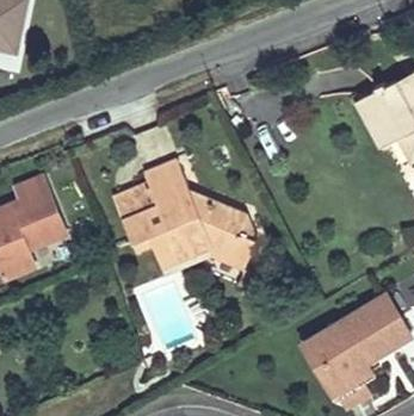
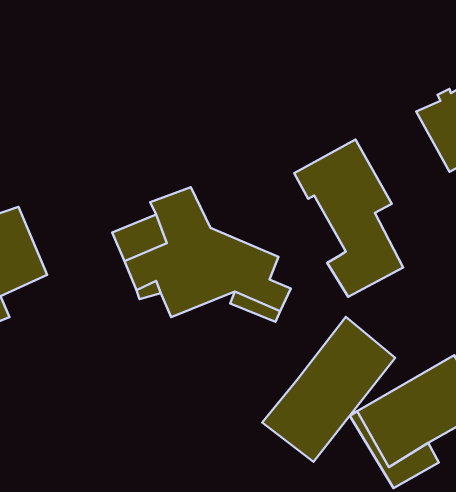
building: none -> [294,139,403,297]
building: none -> [262,317,395,462]

